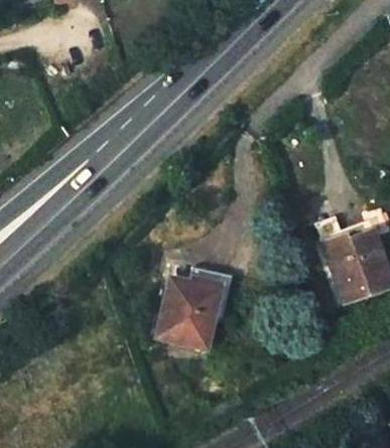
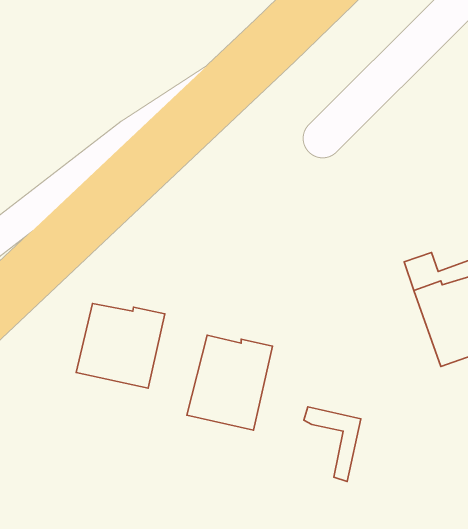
building: none -> [76,304,165,388]
building: [189,270,232,325] -> [304,407,361,481]

